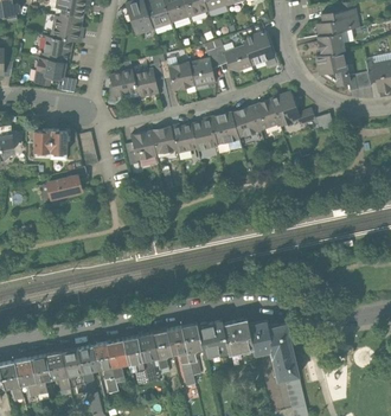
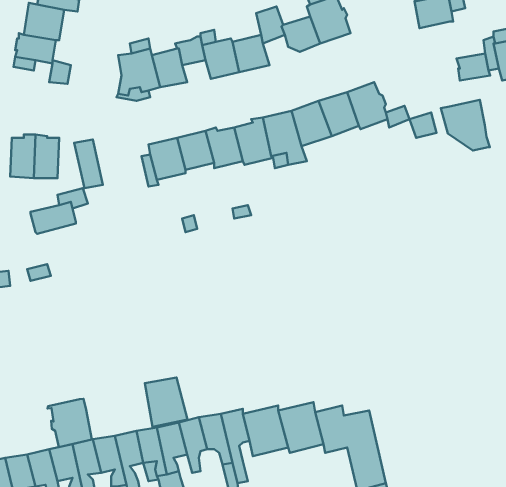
building: [315,50,350,85] -> [441,100,490,150]
building: none -> [145,378,187,427]
building: none -> [48,399,92,447]

